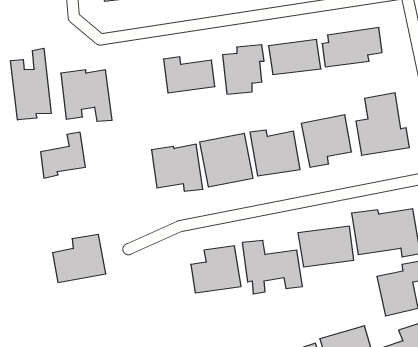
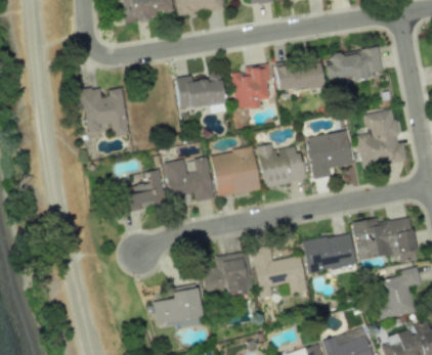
building: [11,48,51,120] -> none
building: [41,132,85,178] -> [124,169,166,212]
building: [52,234,106,282] -> [154,284,204,329]

